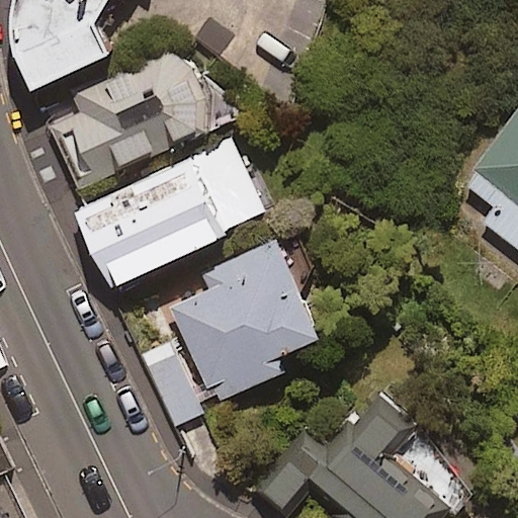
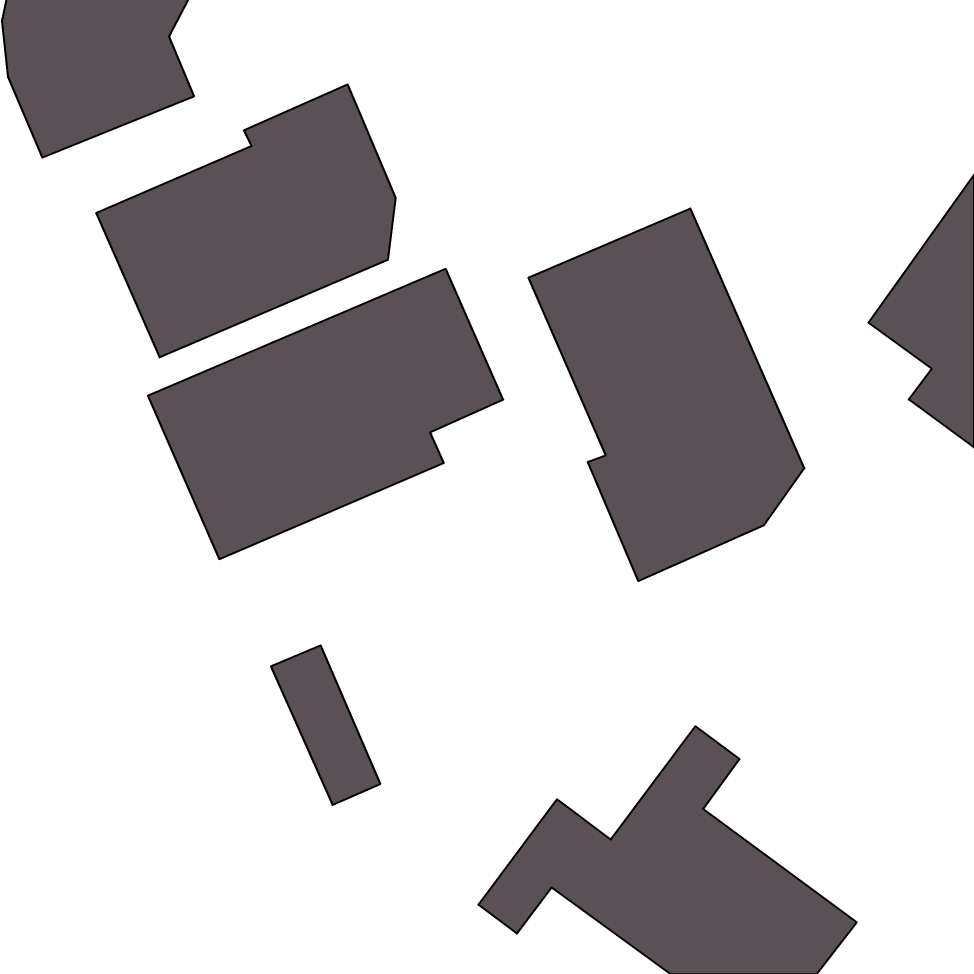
building: none -> [529,208,804,581]
building: [170,242,326,406] -> none

